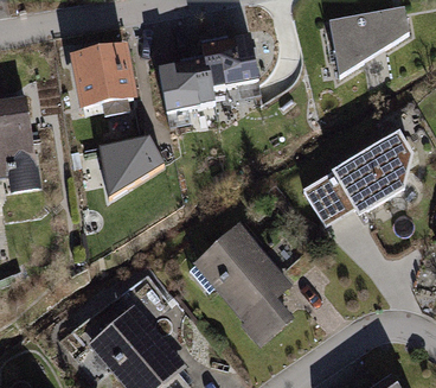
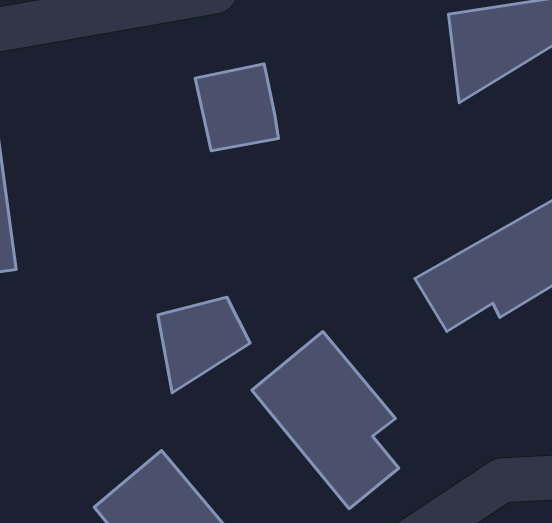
building: [201,26,256,83] -> none
building: [69,36,136,113] -> none
building: [100,129,161,193] -> [158,297,250,393]

